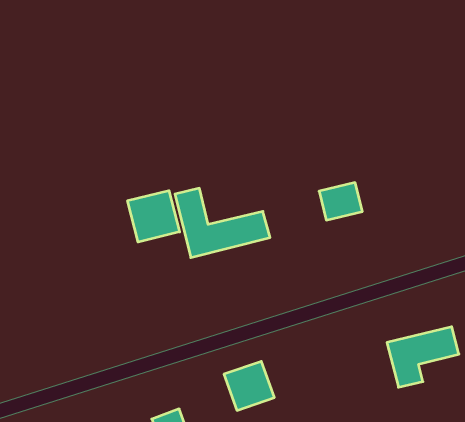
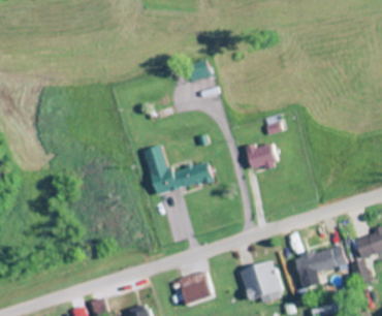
building: [128,191,180,242] -> none
building: none -> [240,260,283,304]

